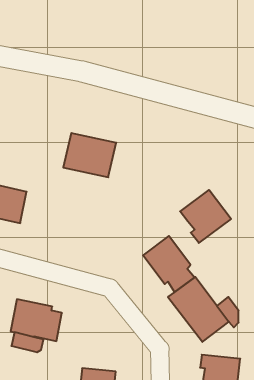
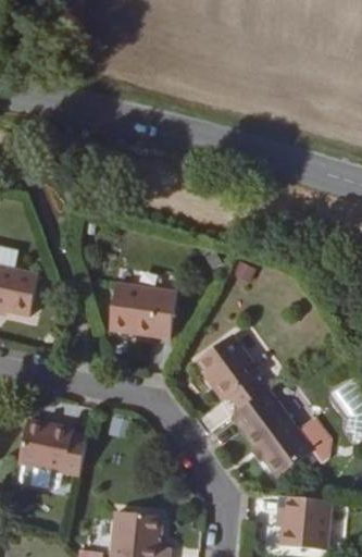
building: [63,133,116,177] -> [111,282,183,342]
building: [180,190,231,243] -> none

